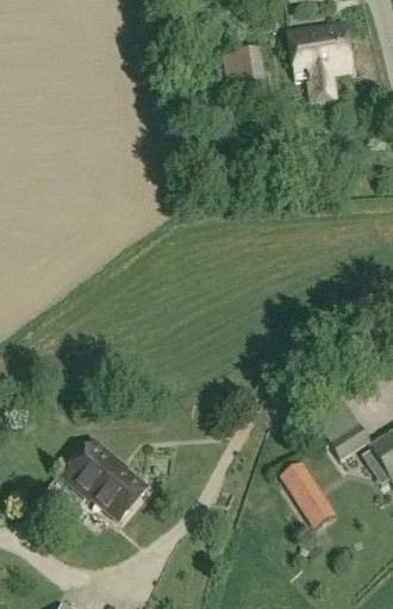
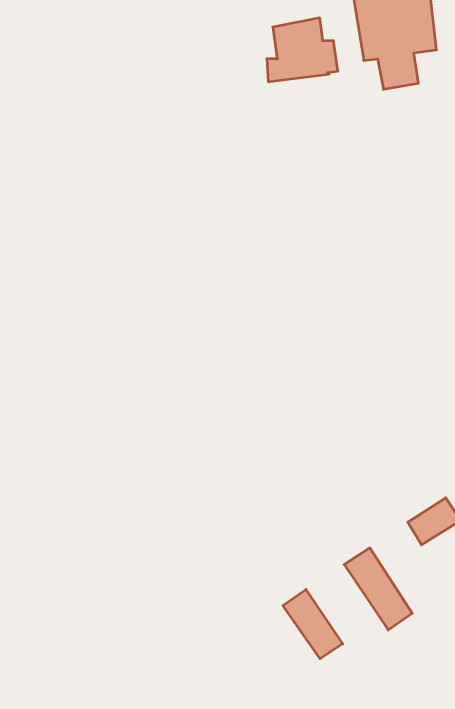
building: [62,439,145,520] -> none
building: none -> [283,589,343,659]

